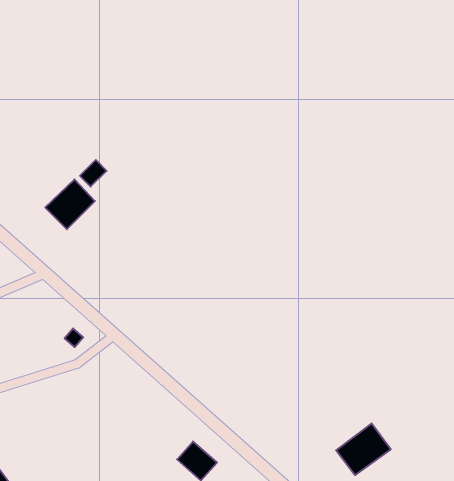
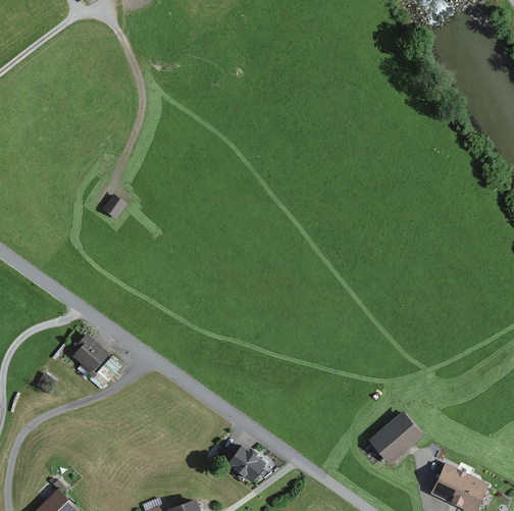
building: [45,179,95,229] -> none
building: none -> [70,339,106,374]

